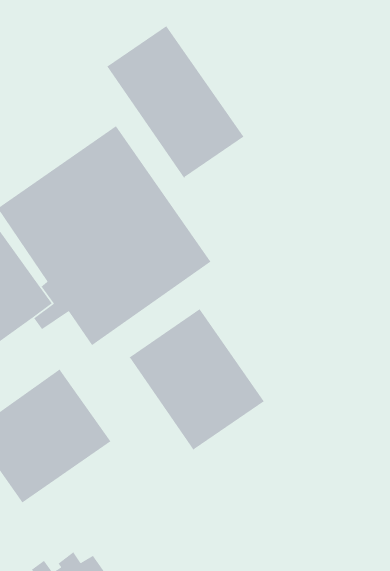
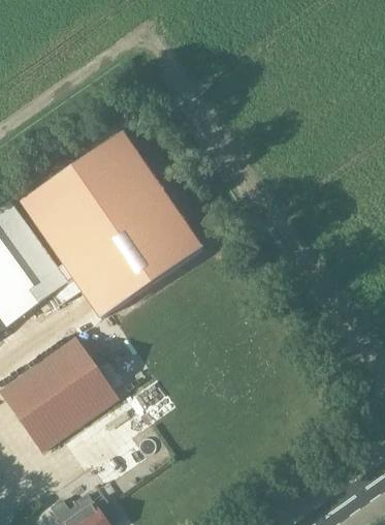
building: [106,25,245,179] -> none
building: [129,308,265,451] -> none

